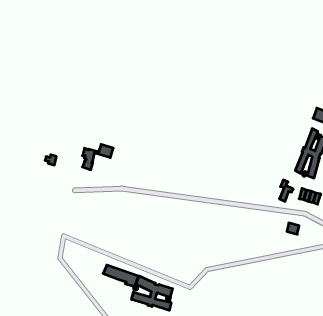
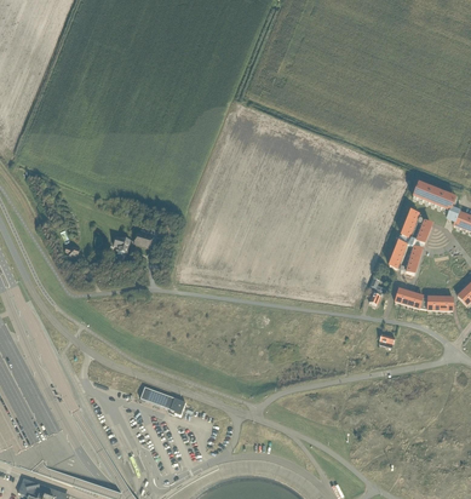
building: [132,276,173,310] -> none

